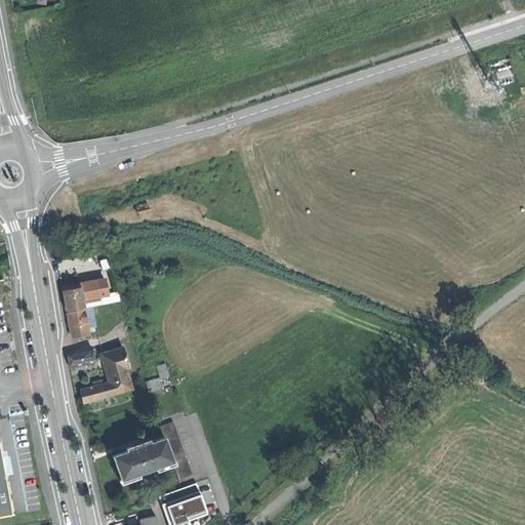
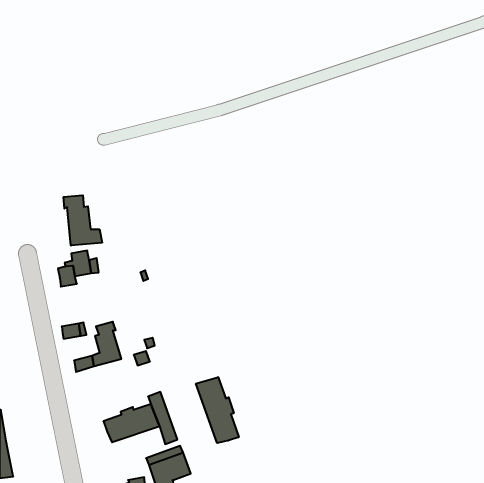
building: none -> [64,195,102,246]
building: [67,312,87,338] -> none
building: none -> [196,377,239,443]

